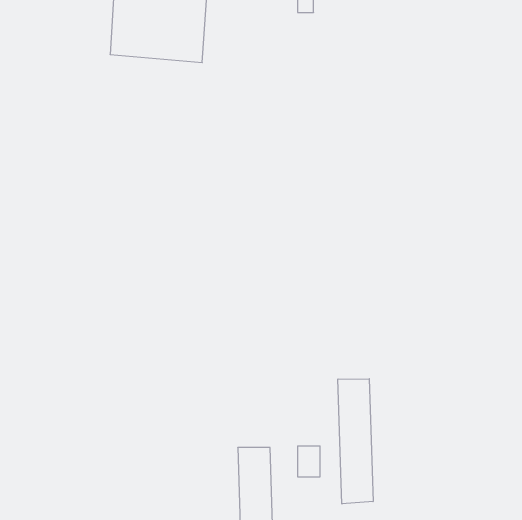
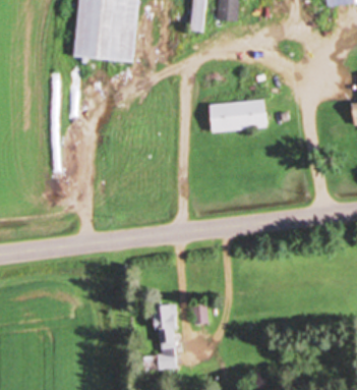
building: none -> [210,99,267,132]
building: [338,379,373,504] -> none

